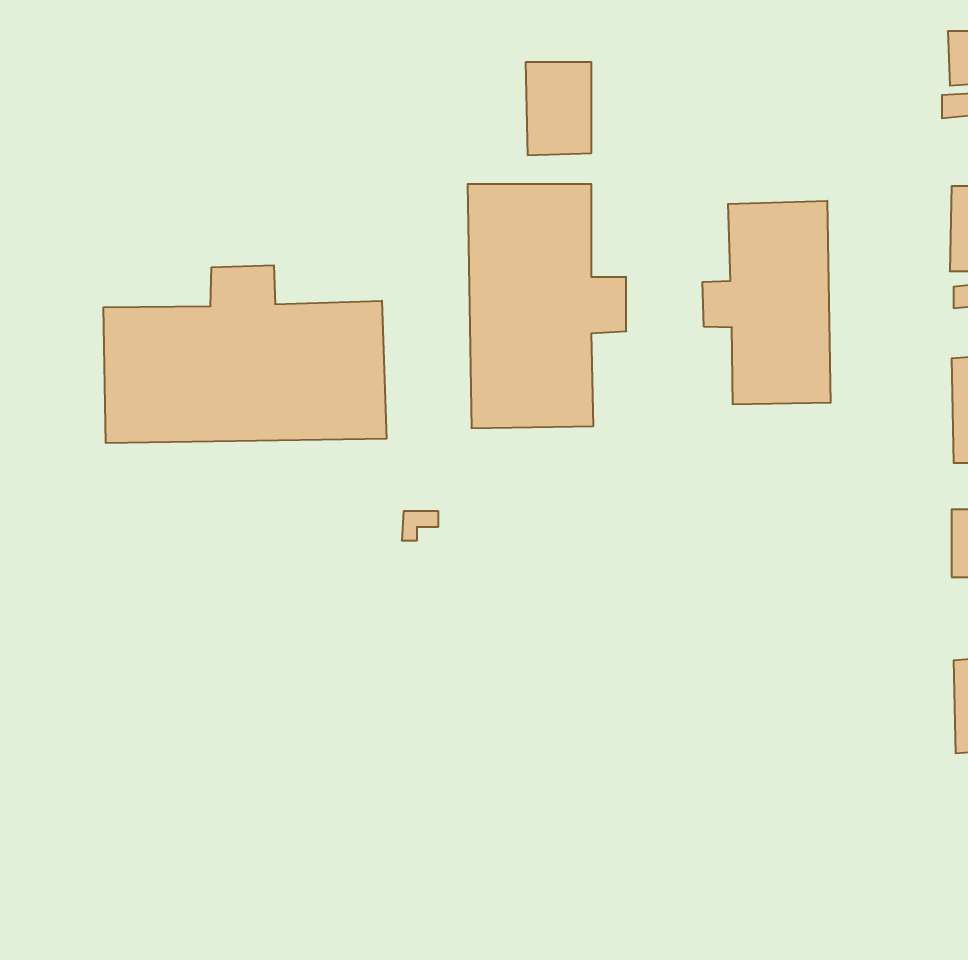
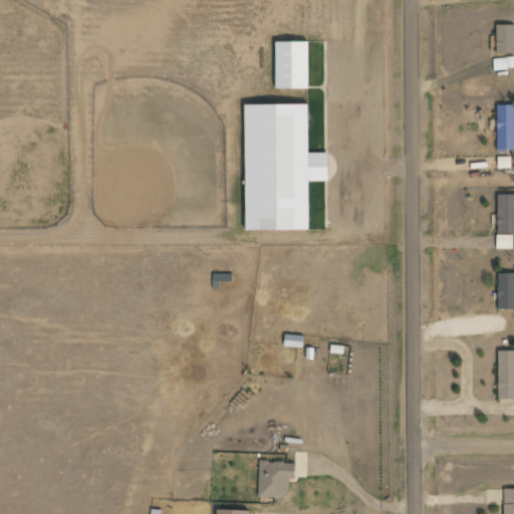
building: [703,201,830,404] -> none
building: [104,265,386,443] -> none
building: none -> [258,461,296,498]

